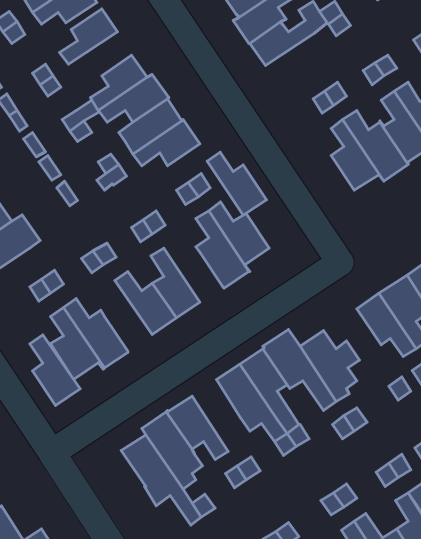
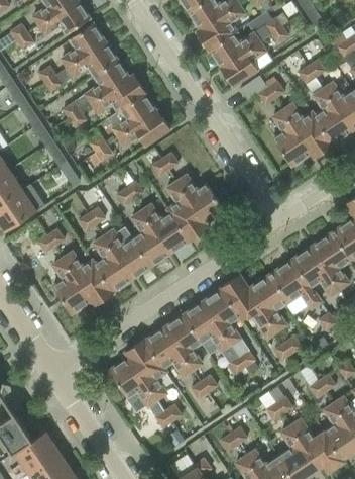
building: none -> [67,40,116,76]
building: none -> [220,41,271,86]
building: [207,152,266,215] -> [141,203,188,253]
building: none -> [266,258,321,308]
building: [30,335,80,406] -> [93,235,132,291]
building: none -> [163,313,202,370]

